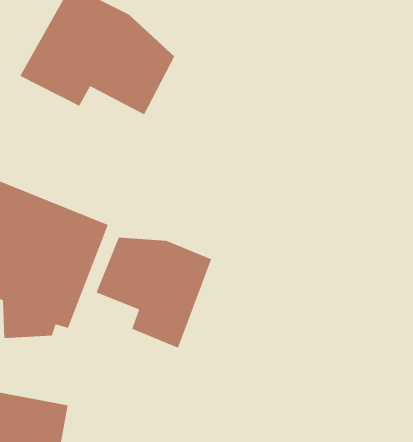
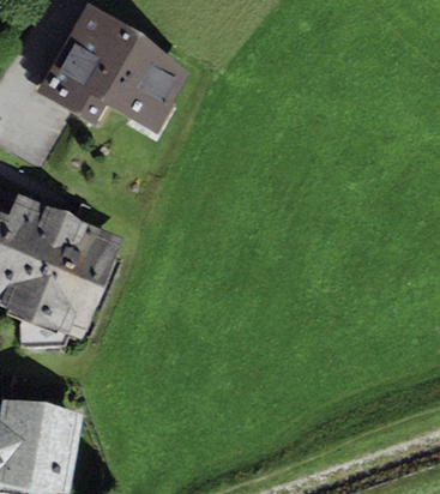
building: [95,237,212,349] -> none

